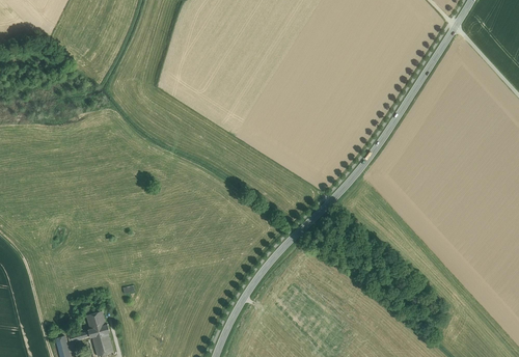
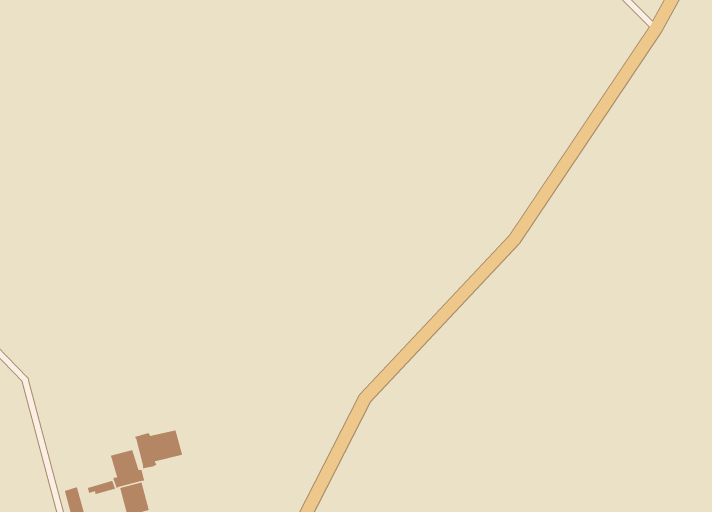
building: none -> [134,429,183,469]

